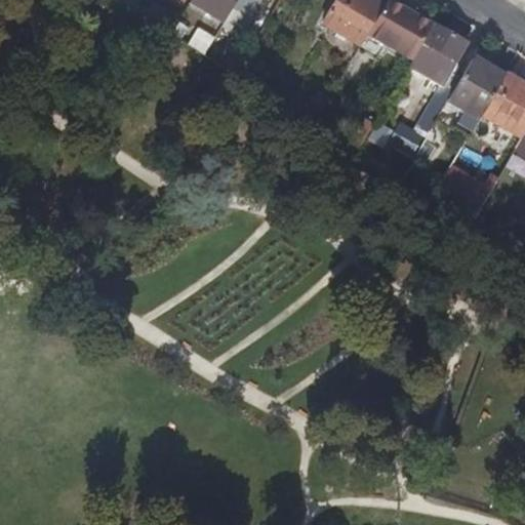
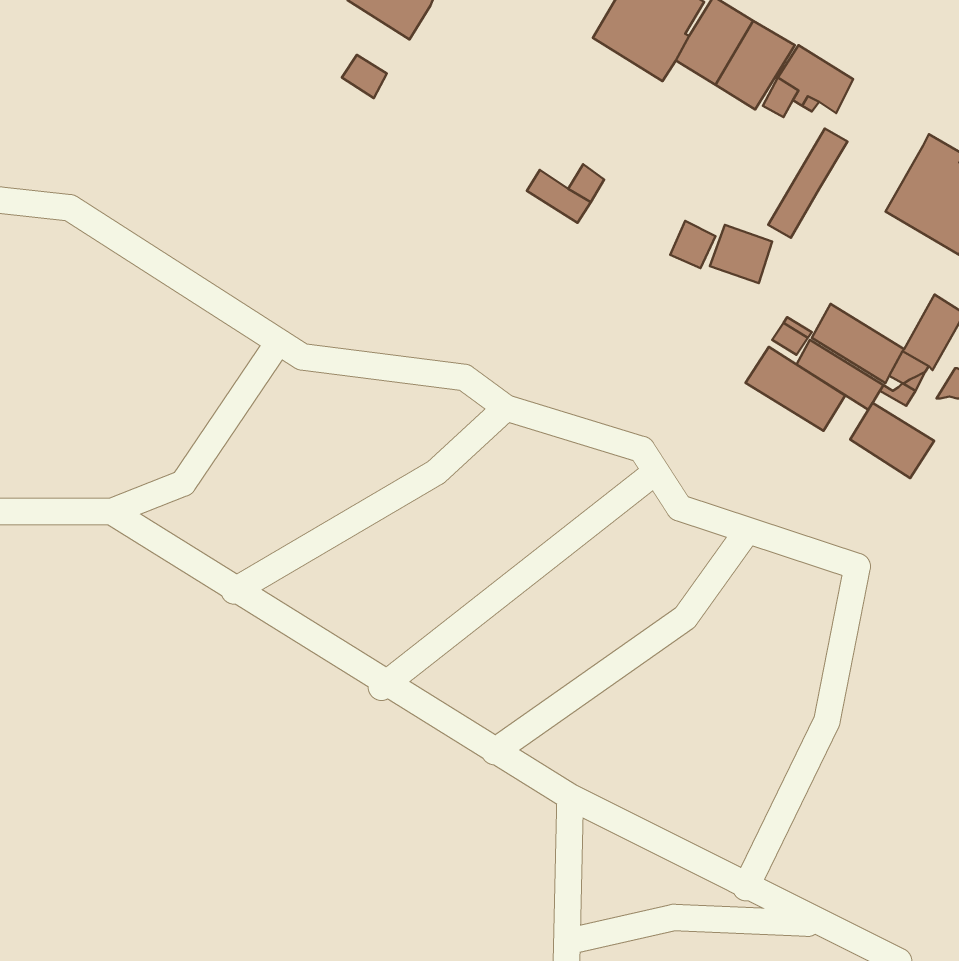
building: [448,60,504,121] -> none
building: none -> [745,347,845,431]
building: none -> [850,403,934,478]

